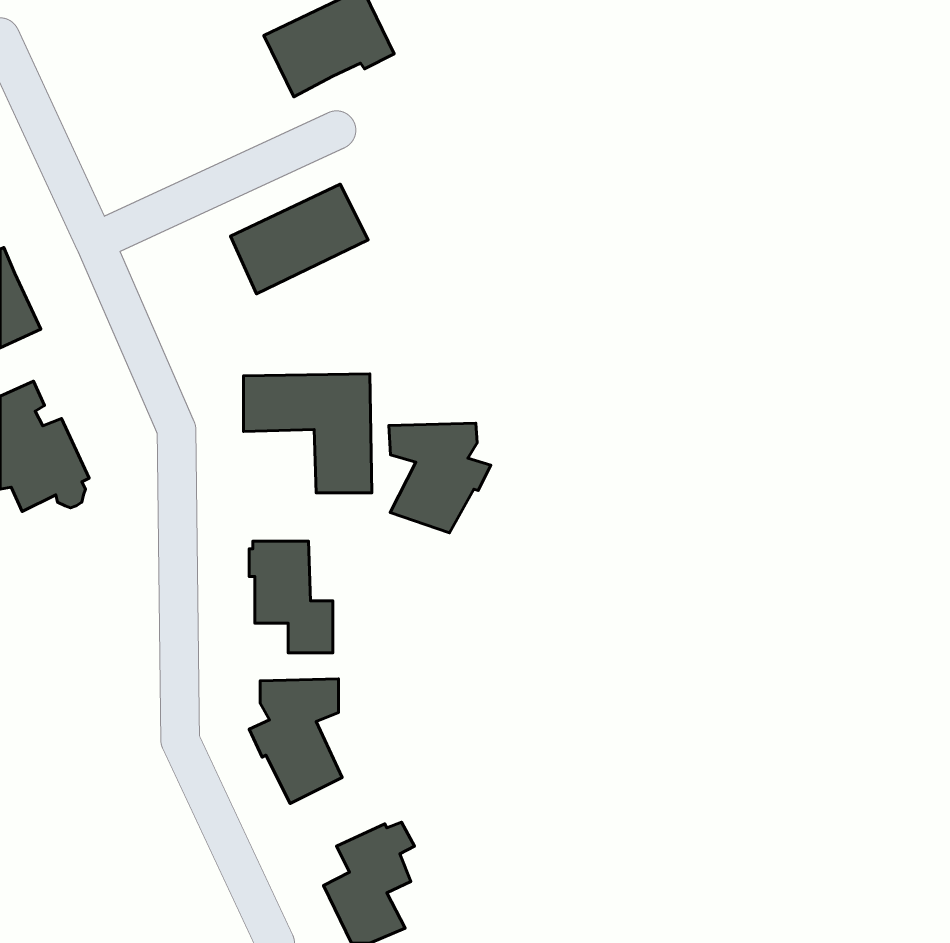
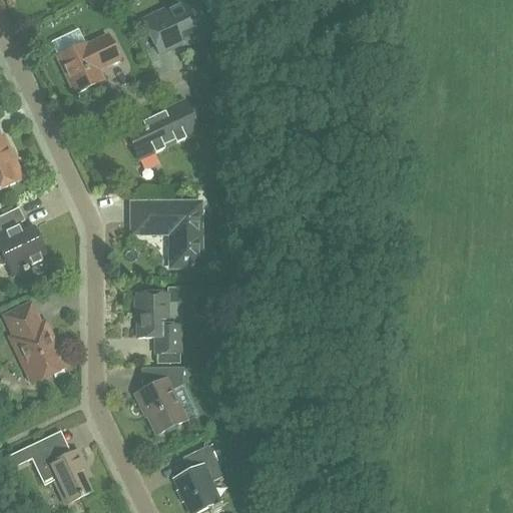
building: none -> [50,27,118,92]
building: [389,423,491,533] -> none
building: none -> [4,303,65,381]
building: none -> [7,438,90,503]

